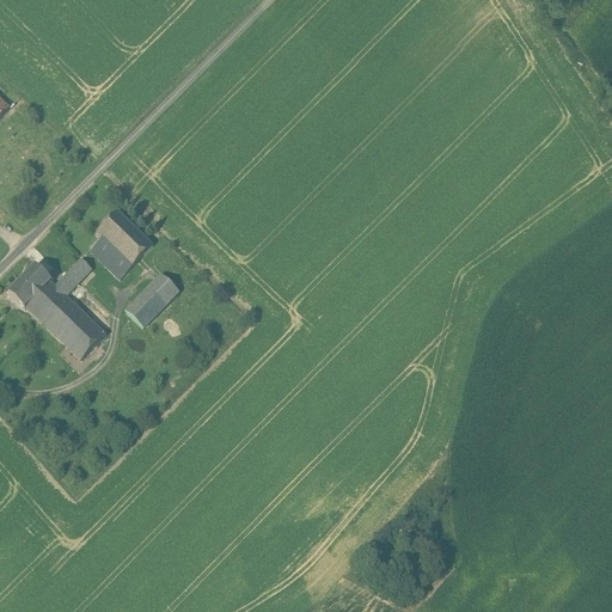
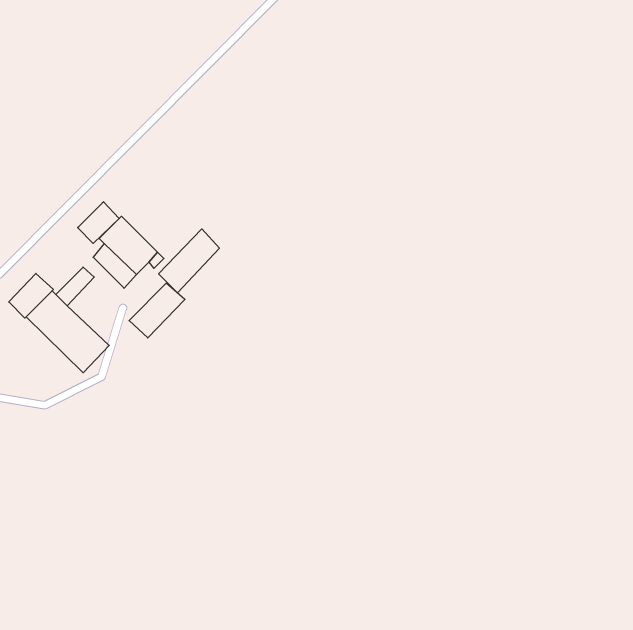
building: none -> [78,202,119,243]
building: none -> [159,229,219,293]

